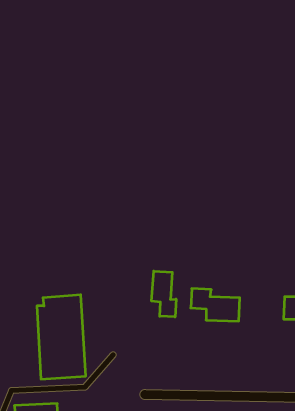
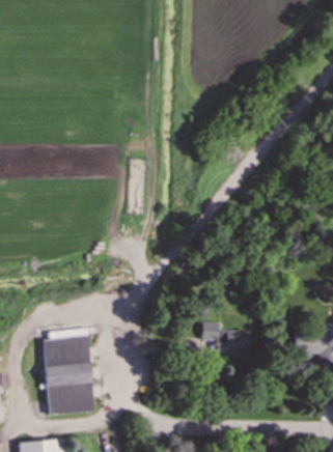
building: [152,271,176,317] -> none

